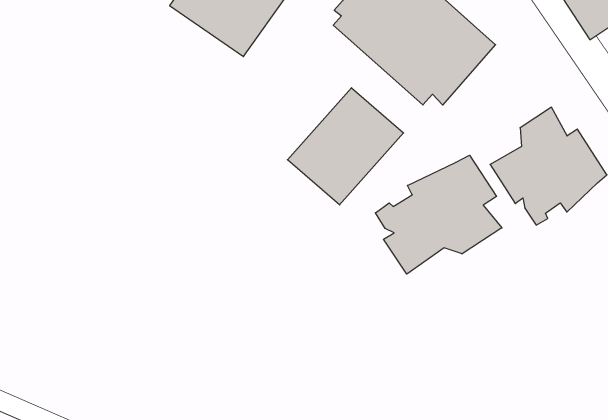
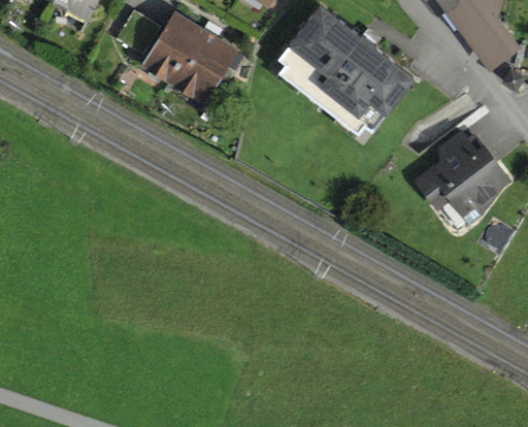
building: [287,88,404,205] -> none
building: [375,155,502,274] -> none

